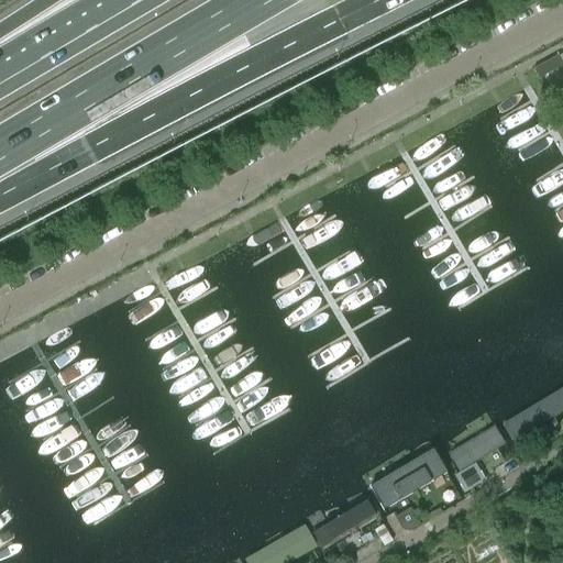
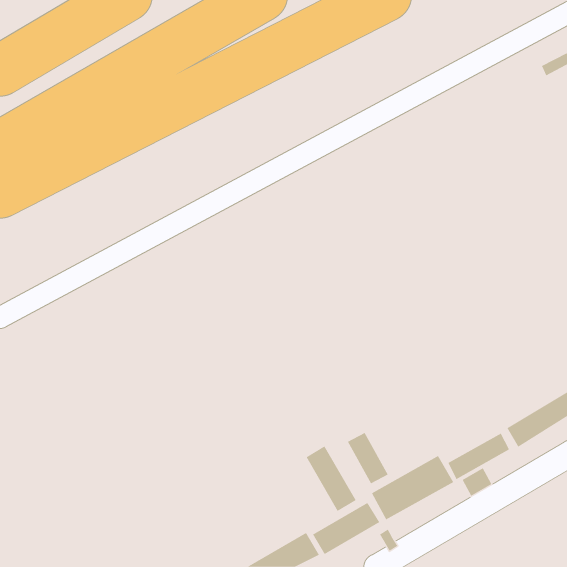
building: none -> [347,432,389,484]
building: none -> [306,446,356,512]

